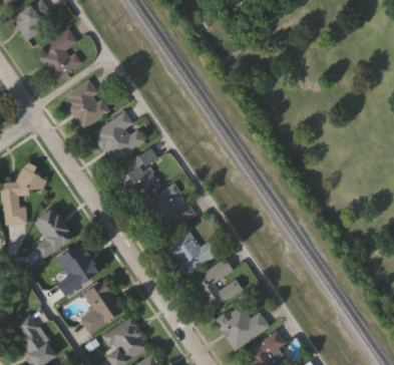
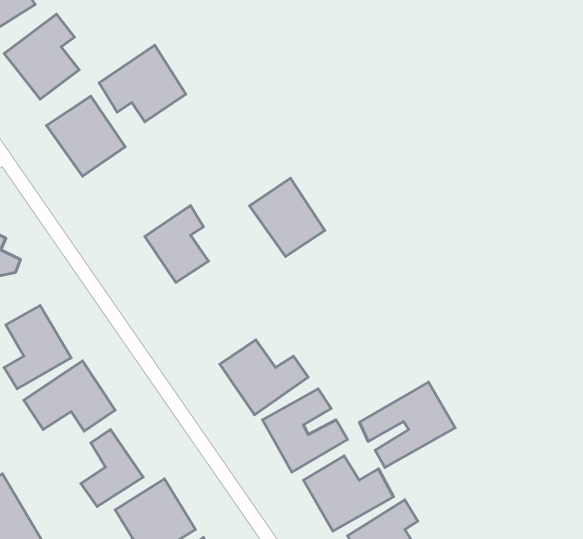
building: [90,111,143,158] -> [99,45,186,122]
building: [146,185,192,233] -> [249,178,325,257]
building: none -> [360,382,455,468]

